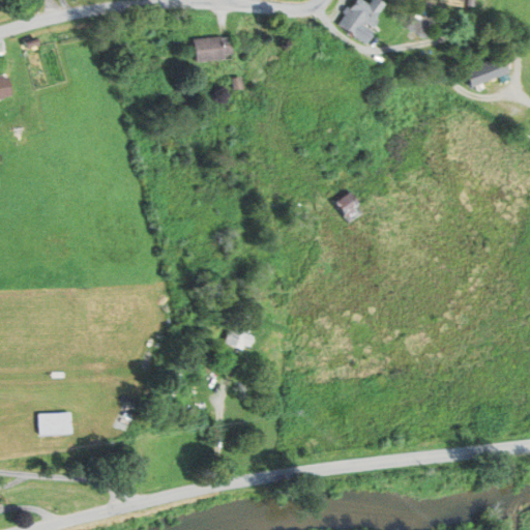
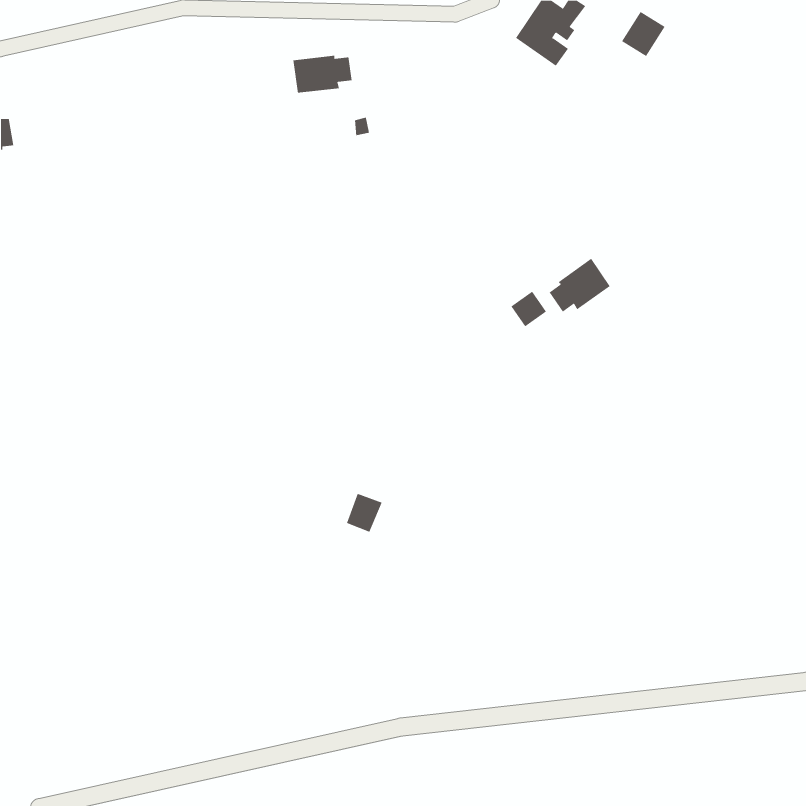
building: [465,57,509,88] -> none
building: none -> [549,258,610,312]
building: [38,413,71,436] -> none

